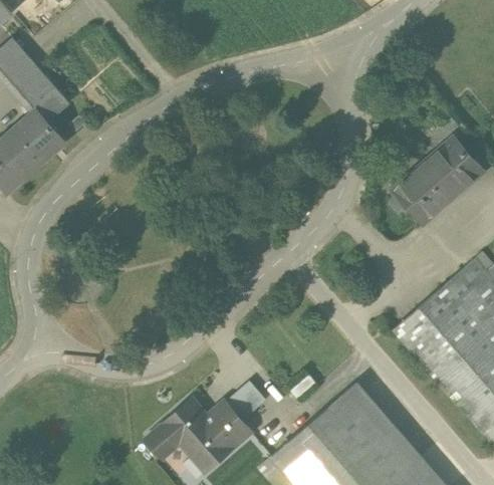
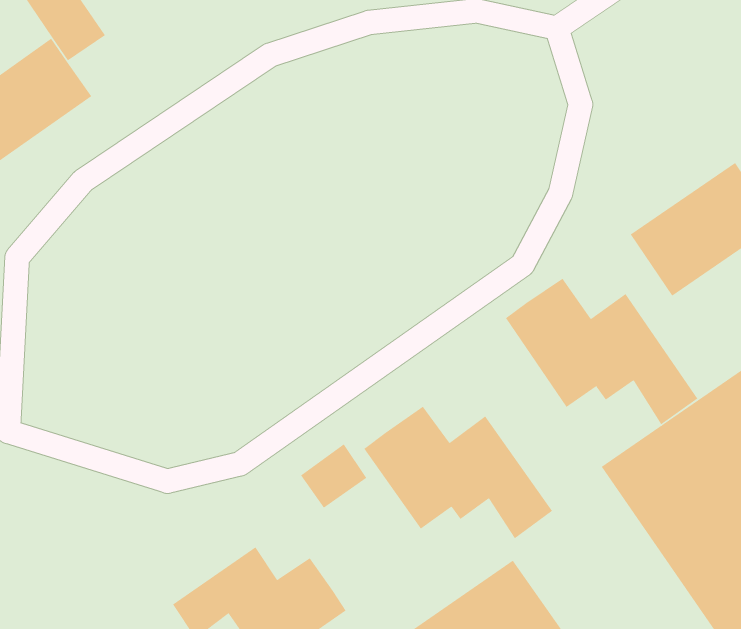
building: none -> [505,278,698,425]
building: none -> [363,406,553,539]
building: [226,380,266,420] -> [300,443,367,508]

